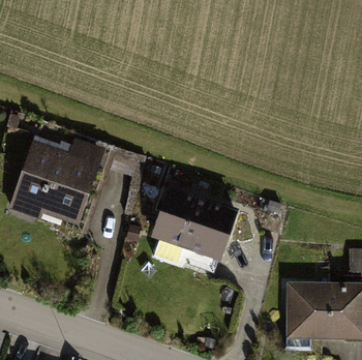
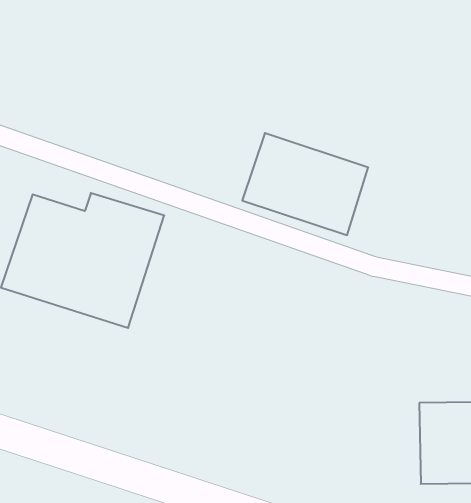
building: [141,185,228,256] -> [242,133,368,235]

